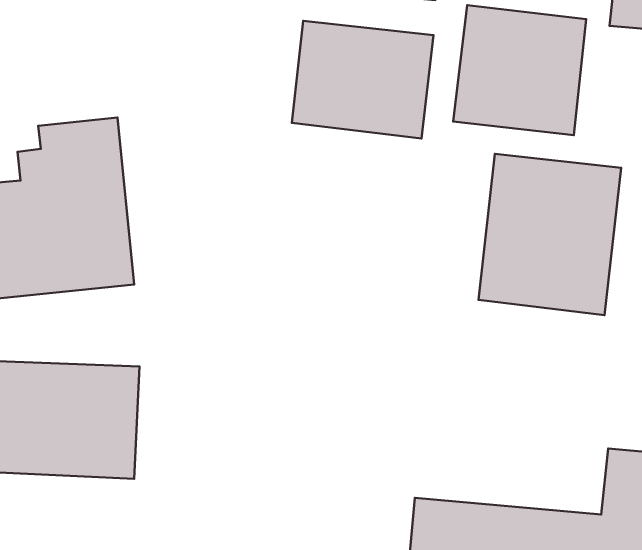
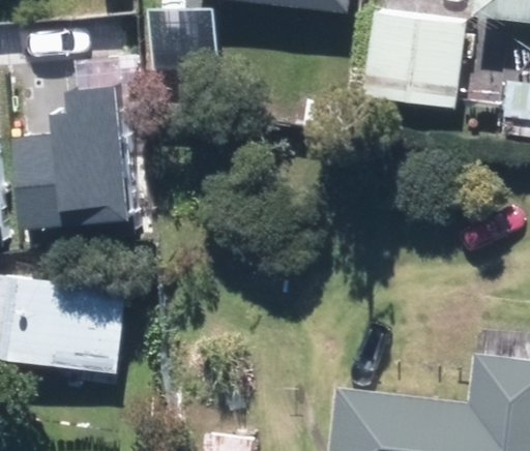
building: [292,21,433,138] -> none
building: [478,154,621,315] -> none

